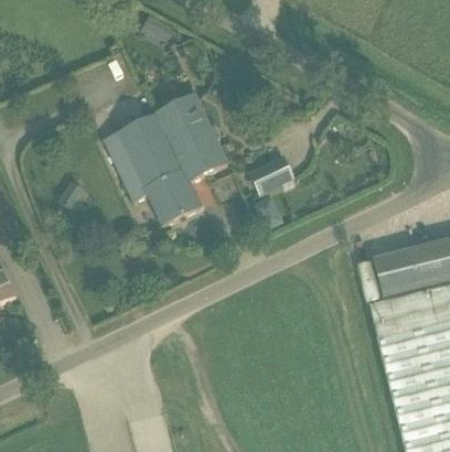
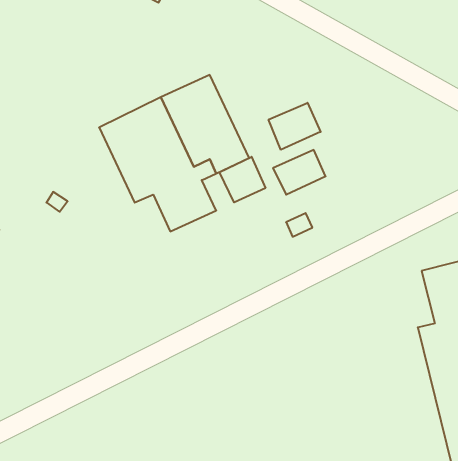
building: none -> [269,103,321,150]
building: none -> [220,157,265,202]

